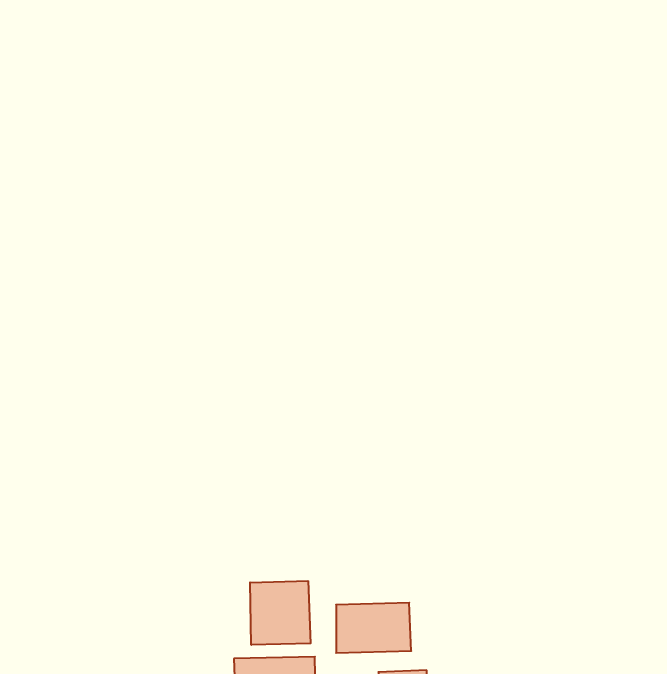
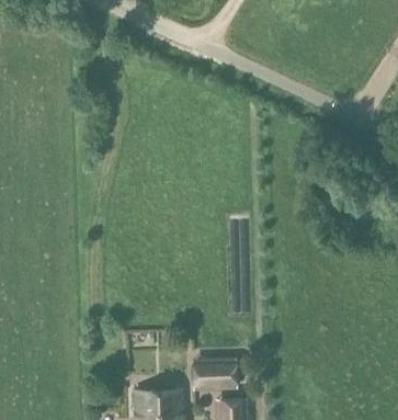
building: [250,581,311,645] -> none

